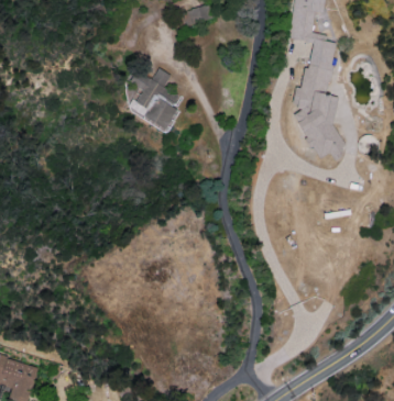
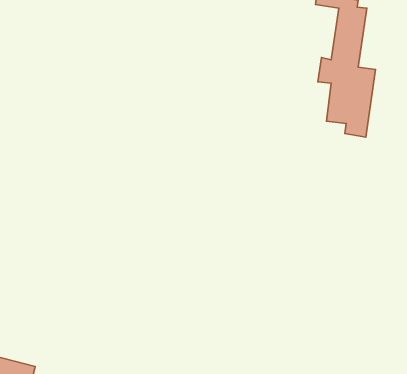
building: [129,69,178,133] -> none

